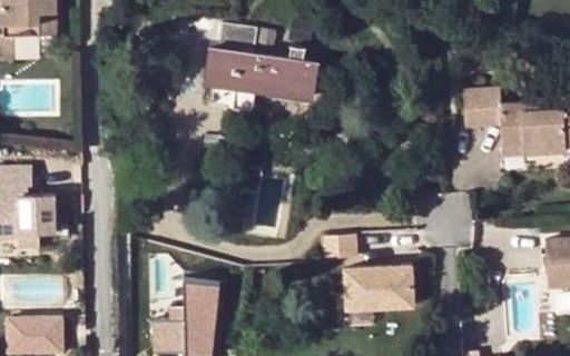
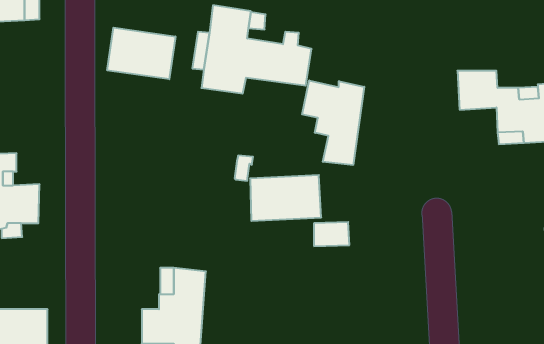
building: none -> [107,28,175,79]
building: none -> [302,80,364,165]
building: [344,264,413,308] -> [250,175,321,221]

